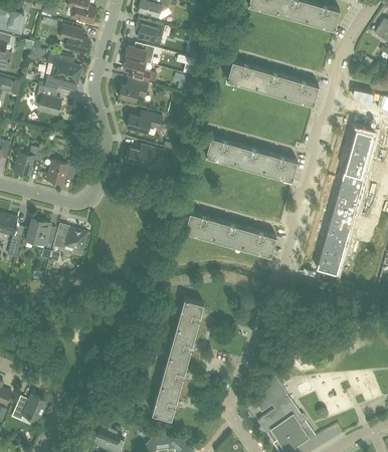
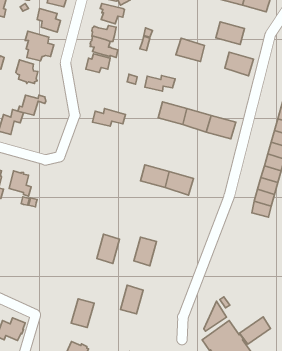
building: [255,69,289,96] -> [216,22,245,45]
building: [127,114,163,133] -> [145,75,175,91]
building: [43,161,76,185] -> [18,95,46,115]
building: [53,228,87,256] -> none
building: [241,228,276,256] -> none
building: [168,326,195,362] -> [97,234,120,264]
building: [152,385,179,419] -> [71,299,94,327]
building: none -> [239,317,271,344]

